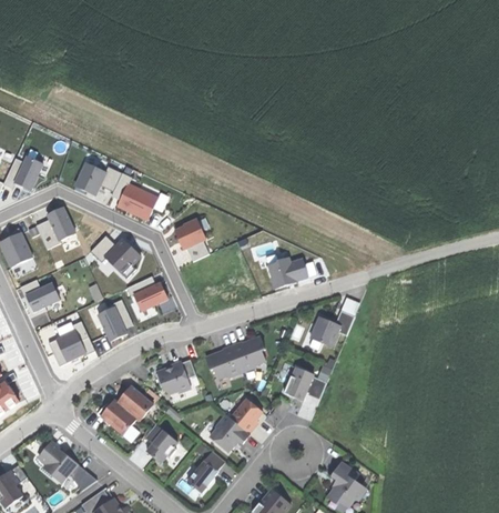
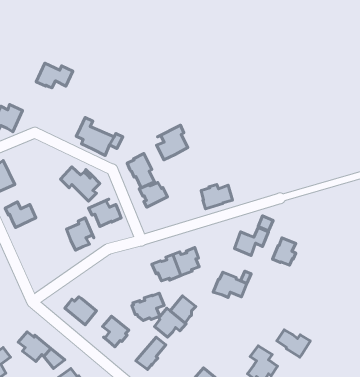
building: [75,162,122,193] -> [36,63,73,88]
building: none -> [156,125,188,160]
building: [37,207,75,249] -> none
building: none -> [139,182,167,207]
building: [49,320,95,365] -> none
building: none -> [273,238,296,265]
building: [155,359,196,393] -> [132,293,164,321]
building: [118,384,153,420] -> none
building: none -> [277,330,310,357]

